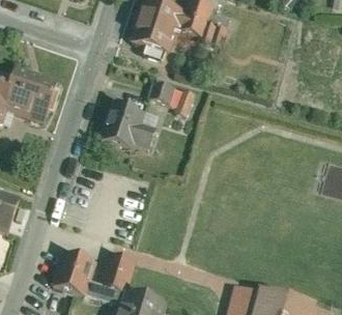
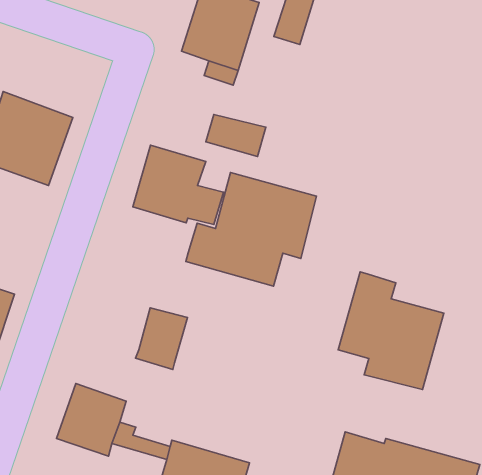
building: none -> [186,173,316,286]
building: none -> [338,272,444,390]
building: [97,253,131,292] -> [135,308,187,369]

